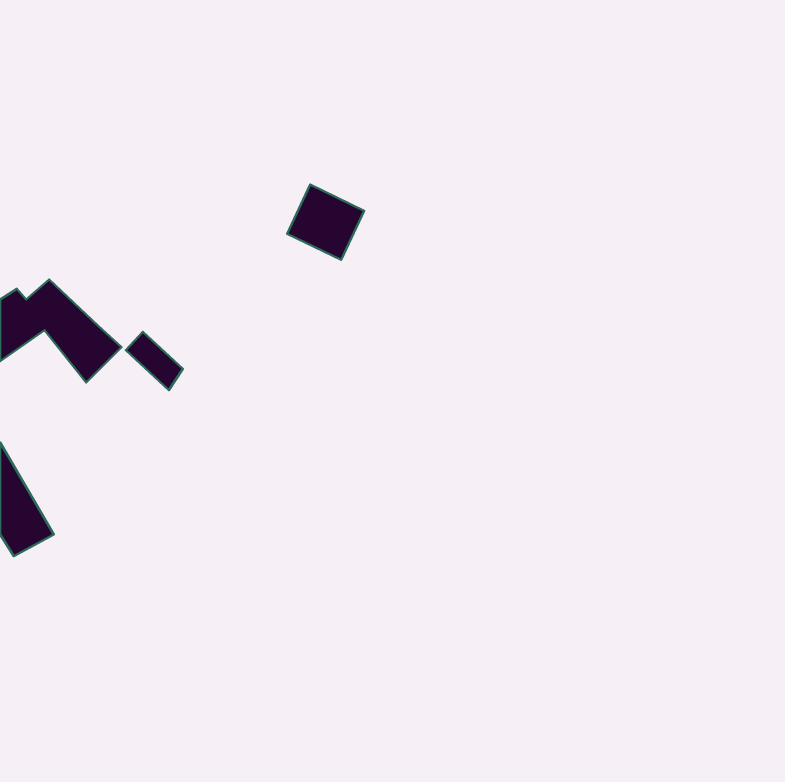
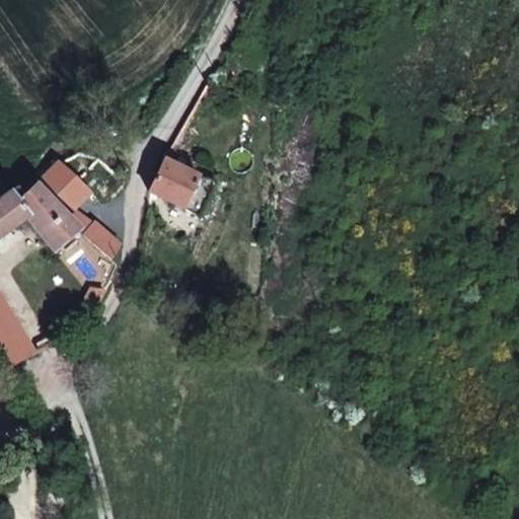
building: [287,185,364,260] -> [148,158,199,208]
building: none -> [32,159,90,215]

